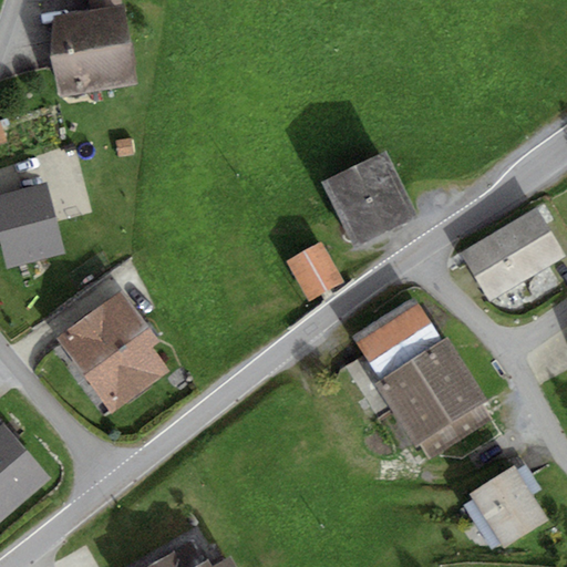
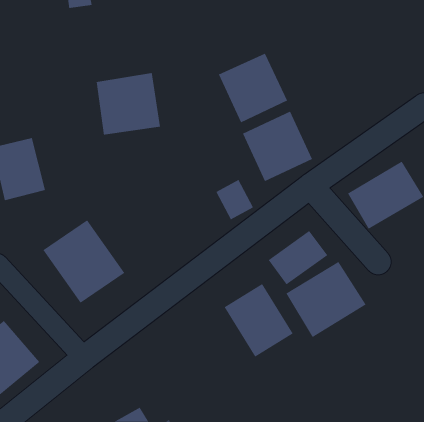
building: [49,10,135,93] -> [96,73,161,135]
building: none -> [218,53,288,123]
building: none -> [224,283,294,358]
building: [467,460,545,540] -> none

